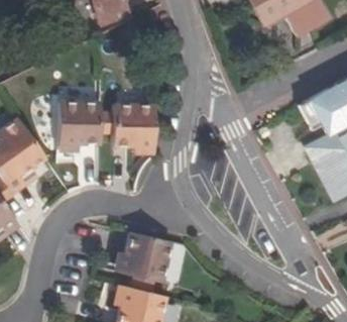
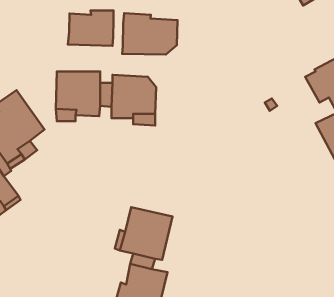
building: none -> [68,10,113,46]
building: none -> [122,13,177,54]

